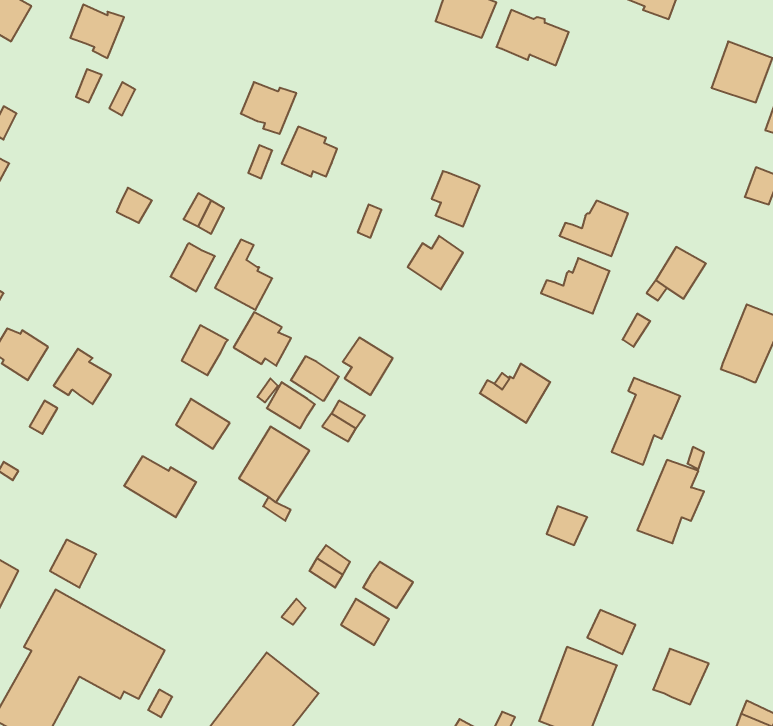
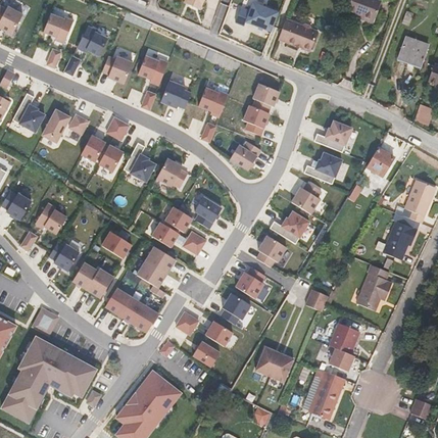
building: none -> [77,26,108,55]
building: none -> [102,56,132,84]
building: none -> [252,84,279,112]
building: none -> [198,88,229,116]
building: none -> [12,93,45,132]
building: none -> [42,109,70,143]
building: none -> [291,183,321,213]
building: [234,312,291,366] -> [156,158,188,188]
building: [182,325,228,375] -> [81,135,106,162]
building: [612,378,680,465] -> [383,211,421,259]
building: none -> [256,235,286,266]
building: none -> [49,242,80,271]
building: none -> [236,266,265,298]
building: none -> [105,288,158,332]
building: none -> [222,293,251,325]
building: none -> [257,347,293,381]
building: [653,649,709,704] -> [330,323,360,353]

